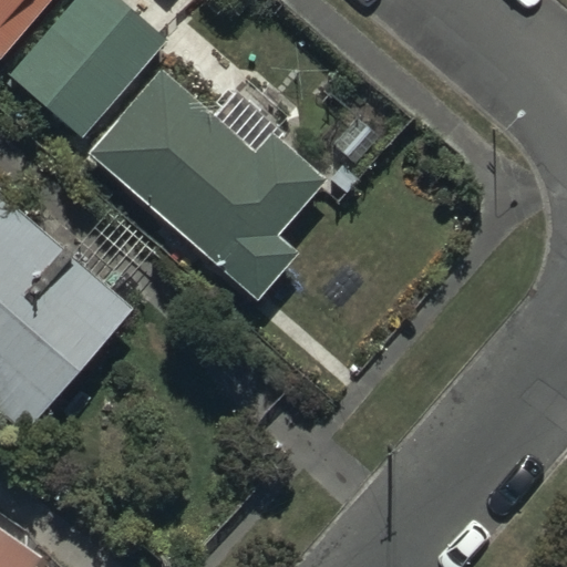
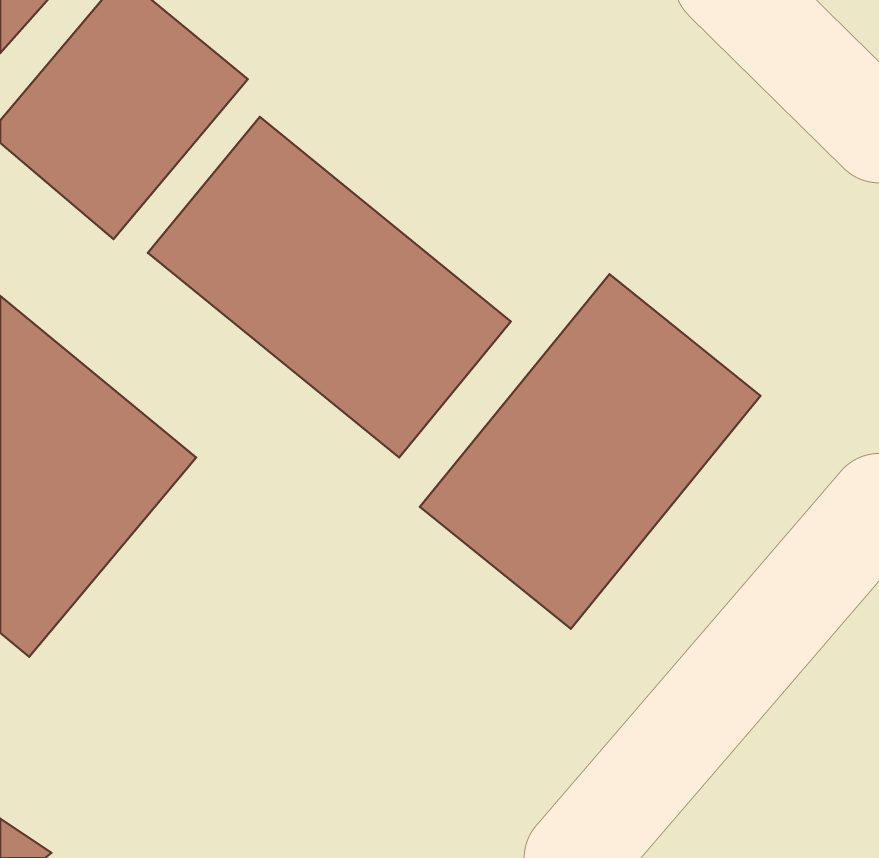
building: none -> [420,274,760,629]

